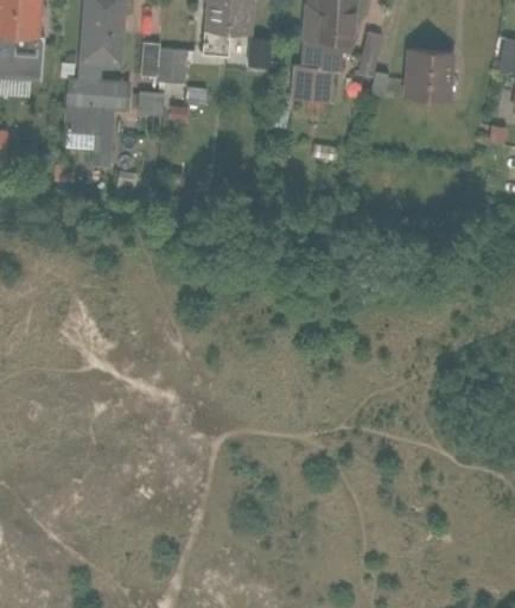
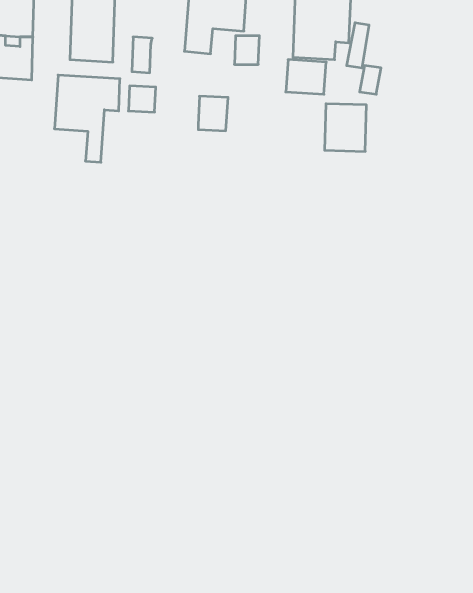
building: [160,50,190,84] -> [198,96,228,131]
building: [403,50,445,97] -> [325,104,366,151]

